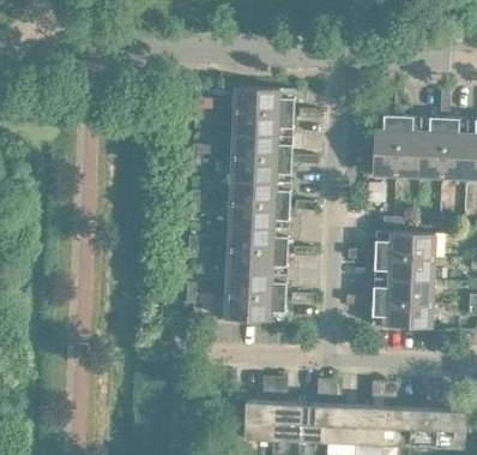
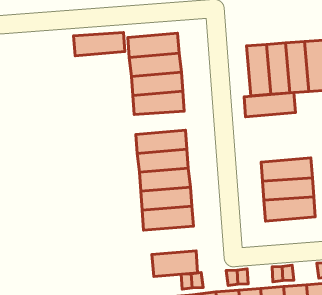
building: [229,179,290,205] -> [74,33,125,56]
building: [374,231,435,257] -> [244,93,295,117]
building: none -> [152,251,197,276]

